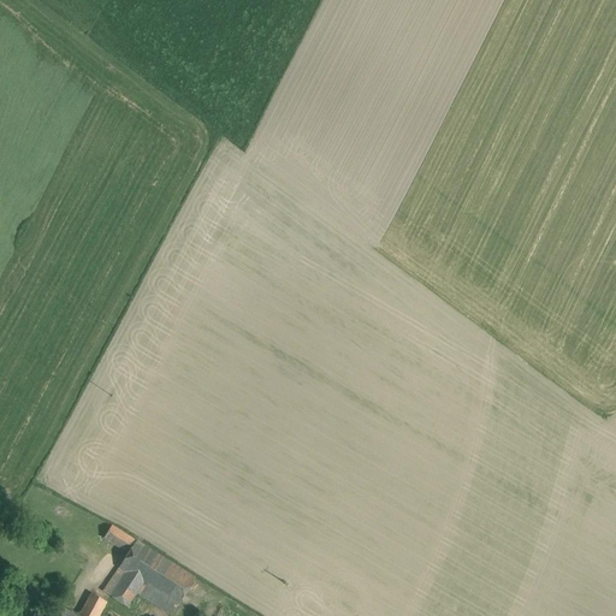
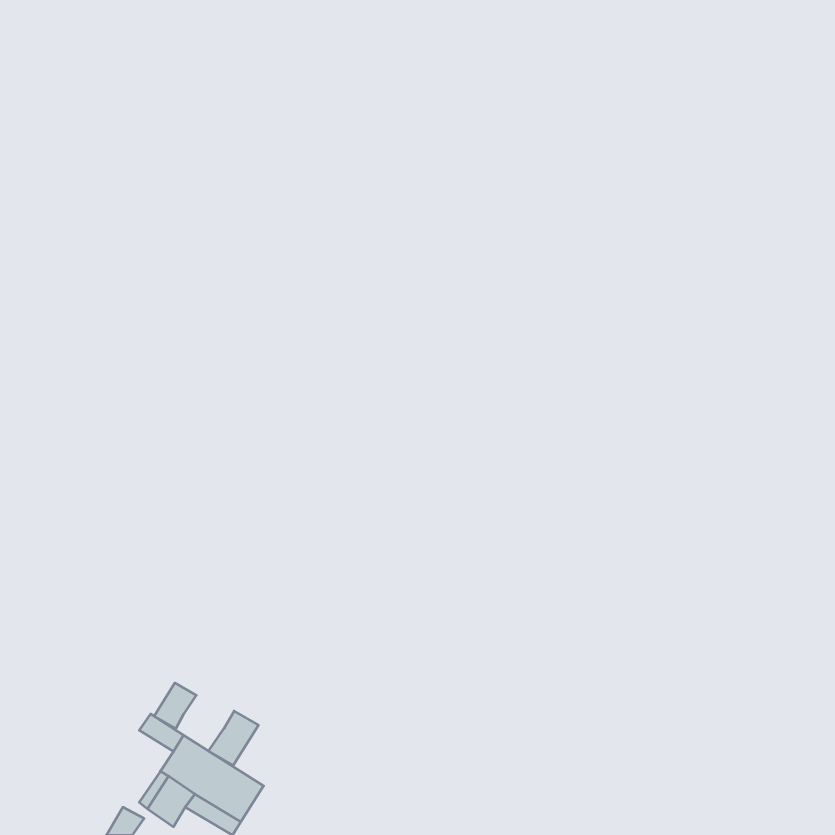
building: none -> [154,683,196,729]
building: none -> [209,711,258,765]

